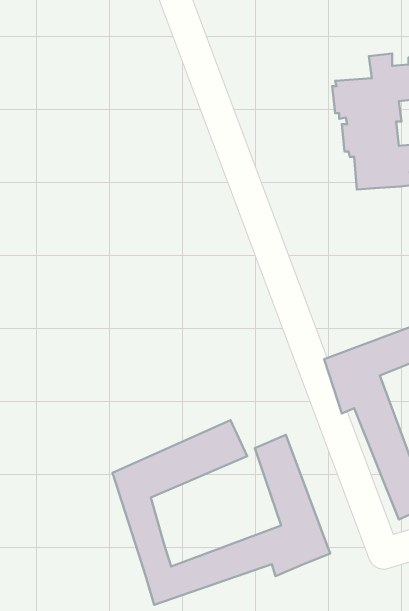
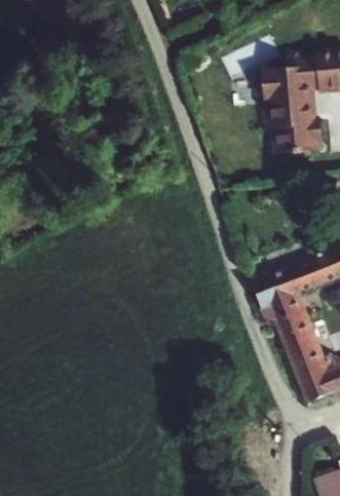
building: [112,420,330,605] -> none

